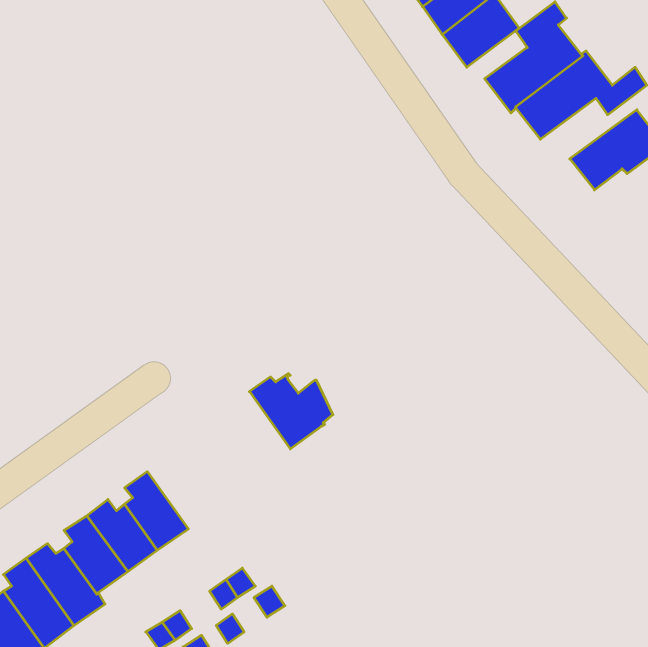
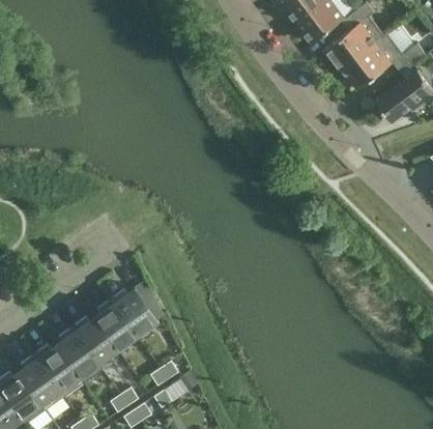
building: [249,374,333,449] -> [110,288,163,336]

